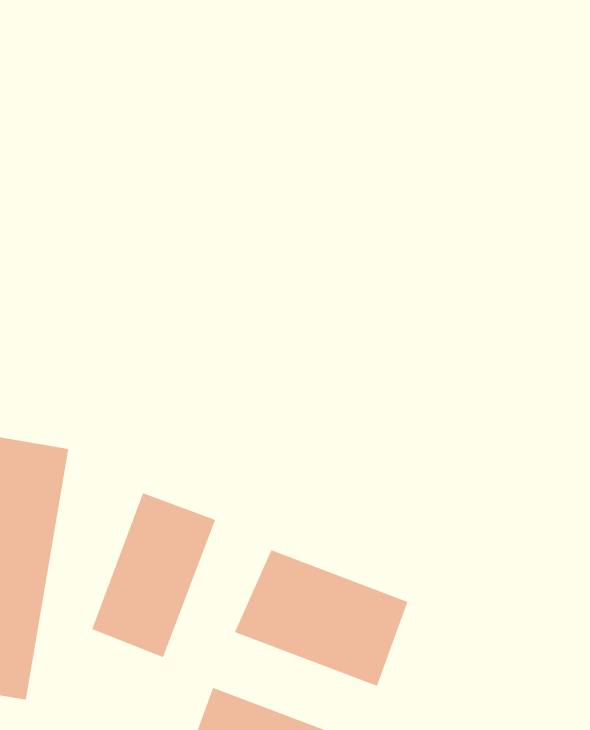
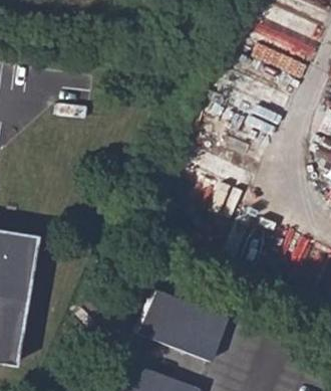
building: [91,492,216,658] -> none

